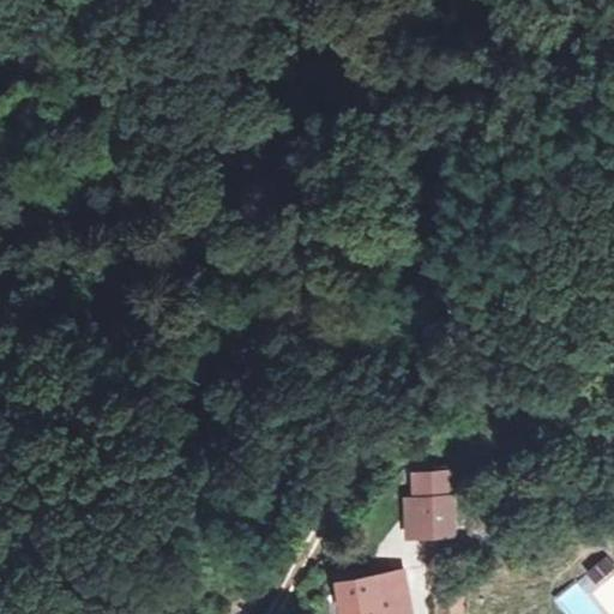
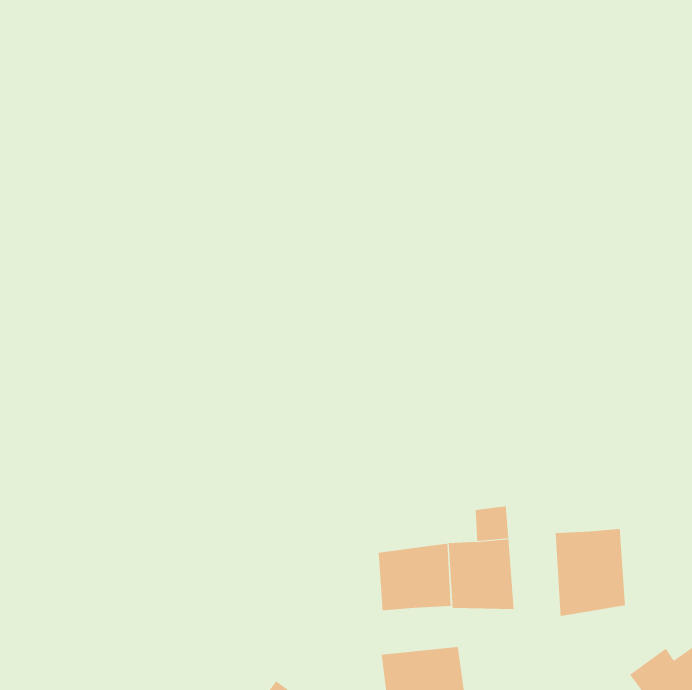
building: none -> [555,528,626,617]
building: none -> [378,543,451,611]

